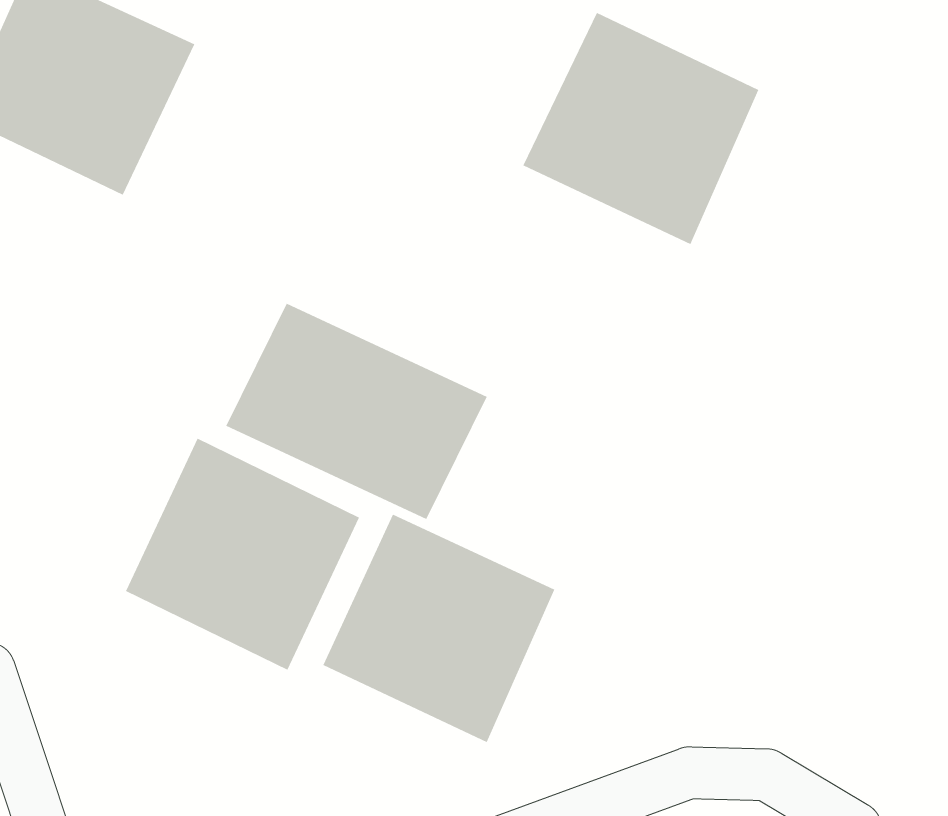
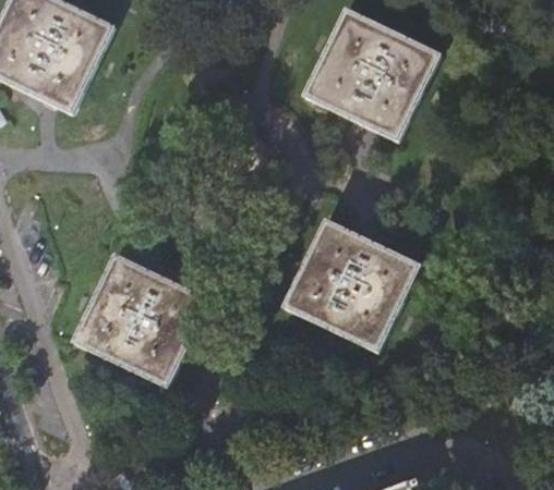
building: [226,303,488,520] -> none
building: [322,514,555,743] -> [285,220,419,352]

